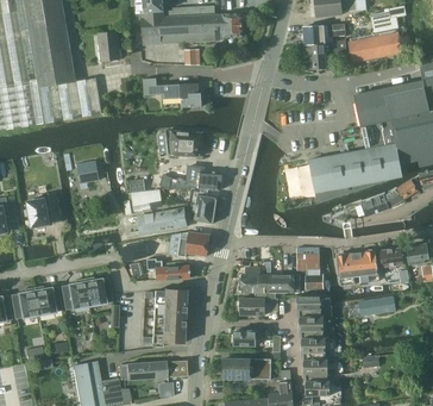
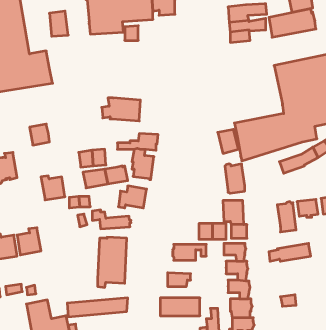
building: [144,79,202,107] -> none
building: [339,252,362,286] -> [225,164,245,193]
building: [239,268,269,298] -> none
building: [84,277,112,305] -> [41,176,65,200]

